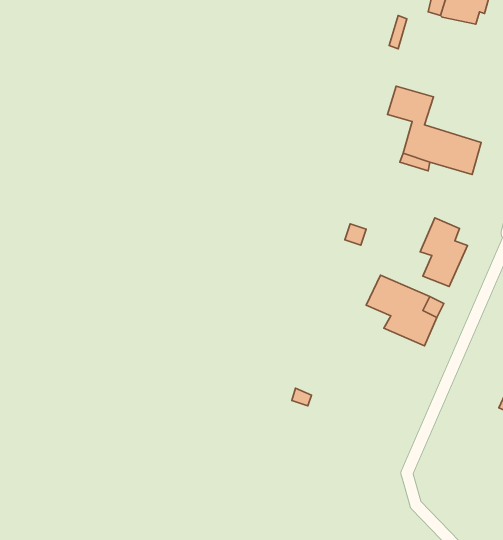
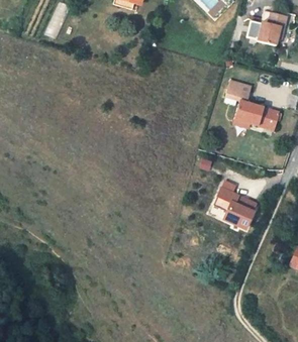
building: [420,218,467,287] -> none

